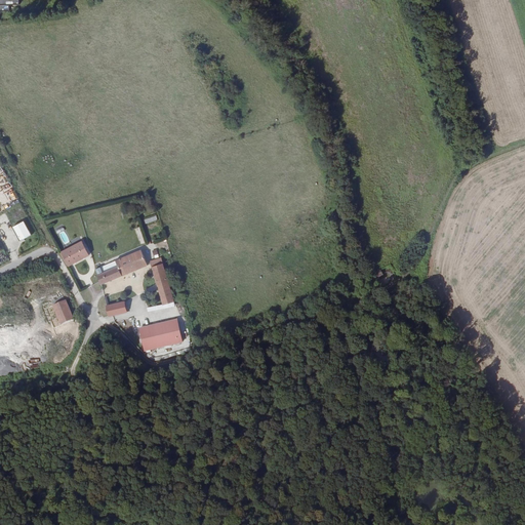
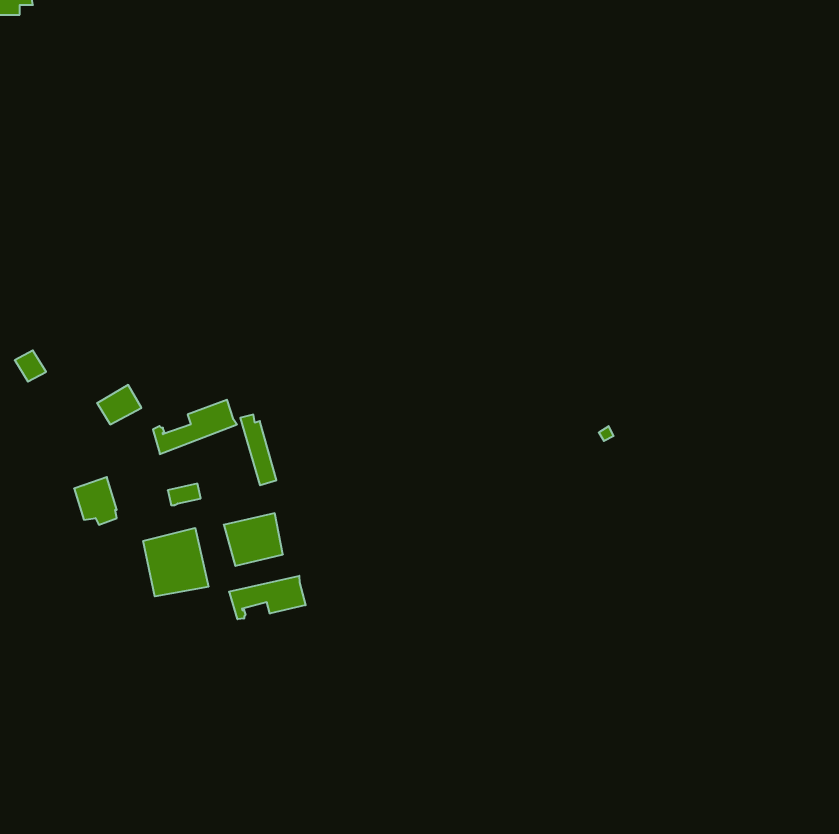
building: none -> [143,528,208,596]
building: none -> [229,576,306,619]

